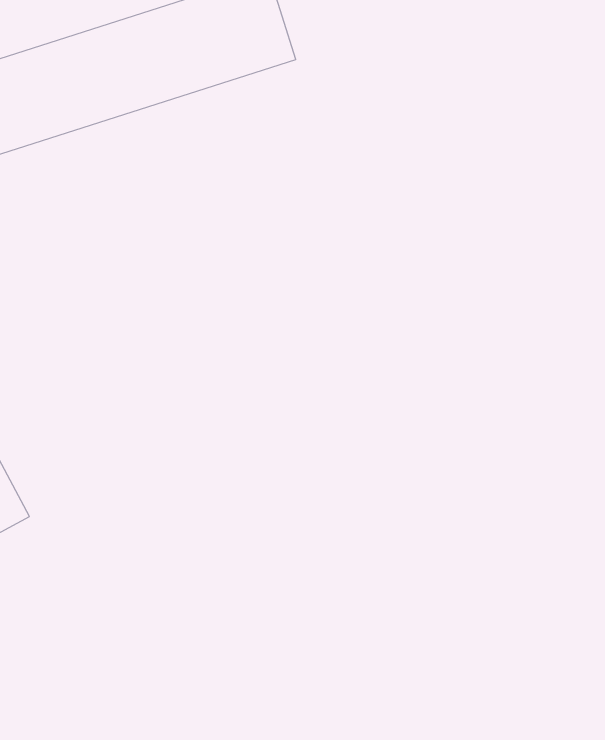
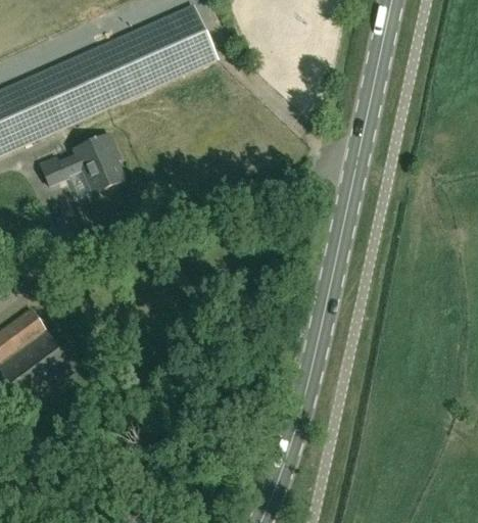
building: none -> [39,134,123,193]

